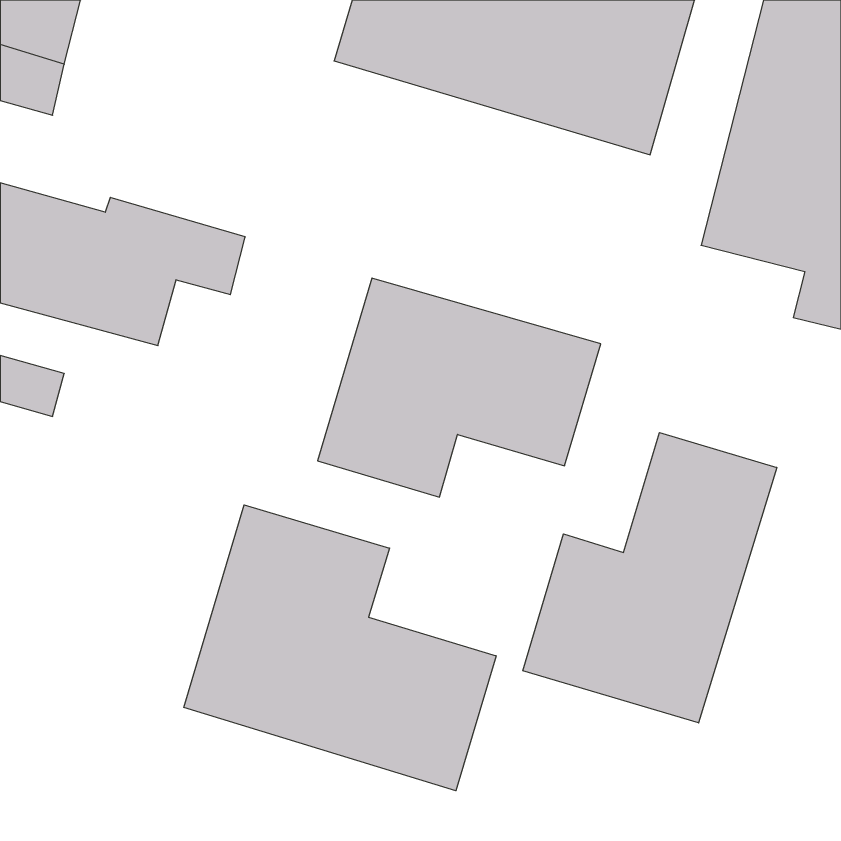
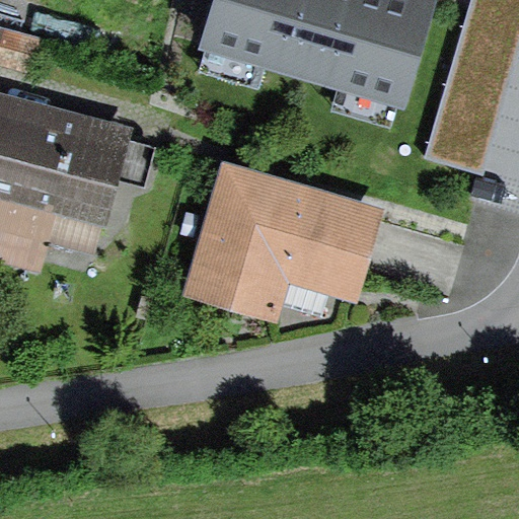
building: [523,433,777,723] -> none
building: [184,505,496,791] -> none

